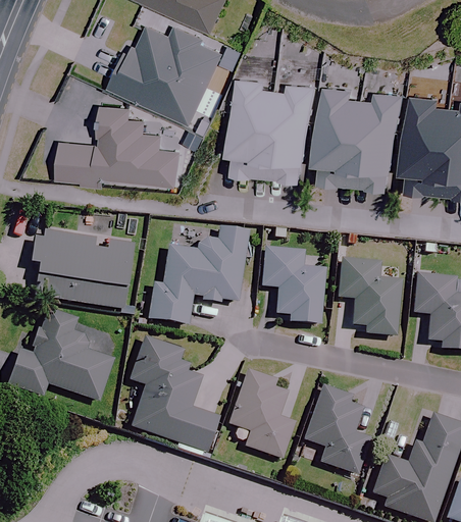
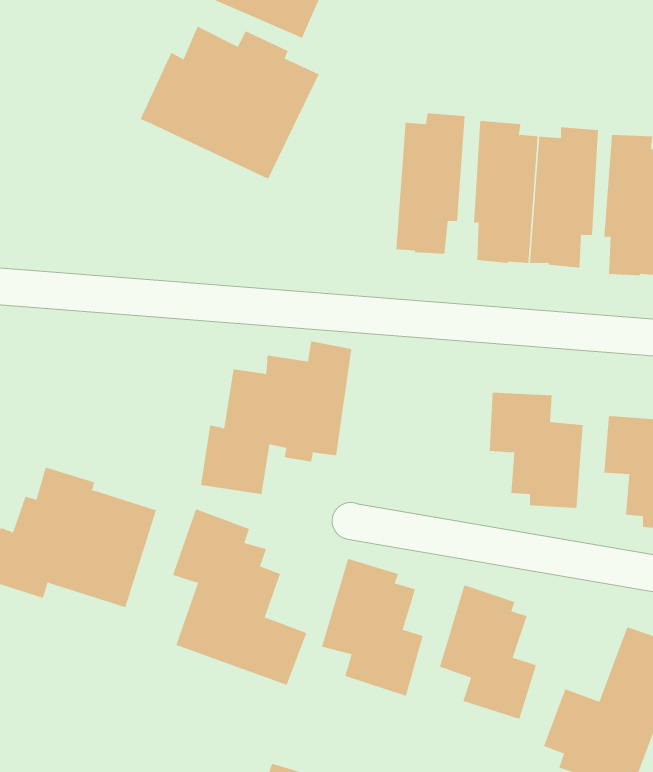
building: [240,71,284,165] -> none
building: [64,98,189,178] -> none
building: [28,231,133,309] -> none
building: [262,247,325,323] -> none

